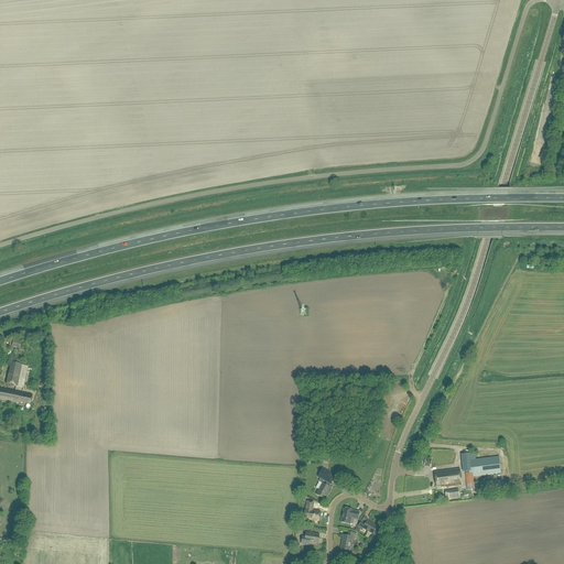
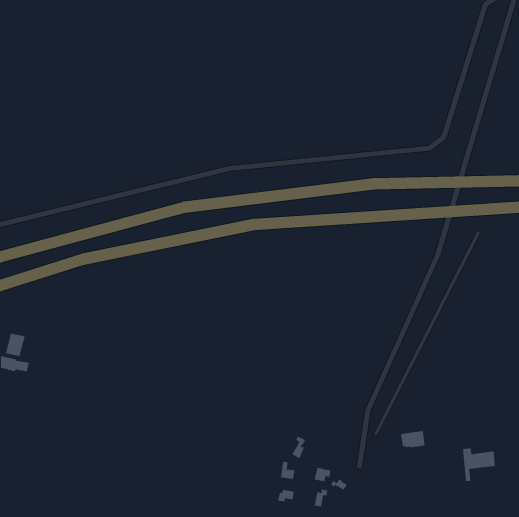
building: [464,452,500,488] -> [462,448,496,481]

